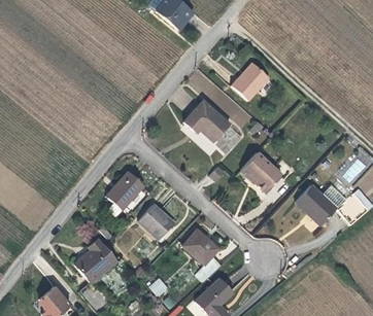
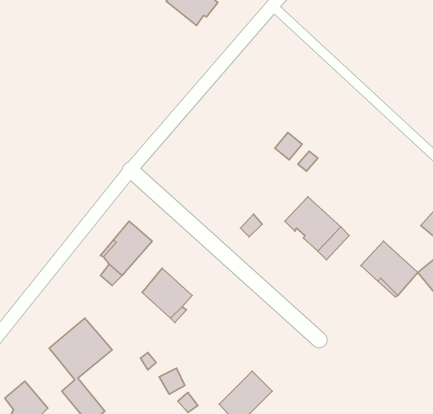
building: [231,62,269,101] -> none
building: [183,100,242,152] -> none
building: [182,229,219,281] -> none

